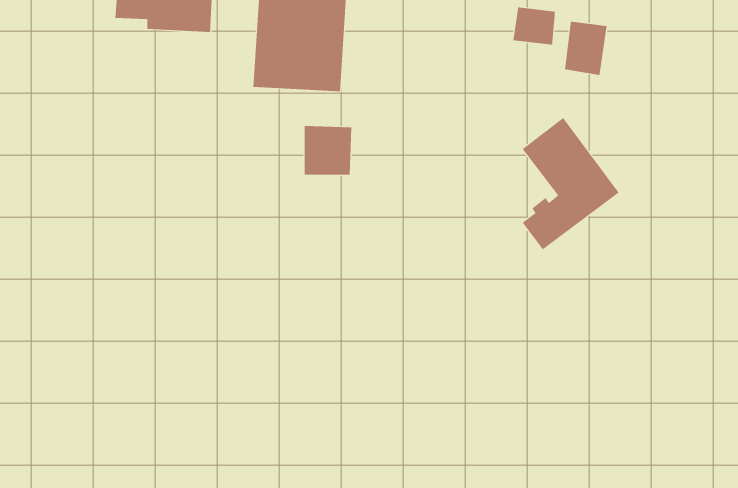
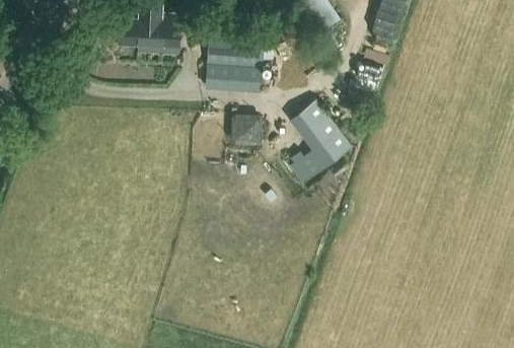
building: [565,21,607,76] -> none
building: [522,117,620,250] -> [289,100,351,185]

